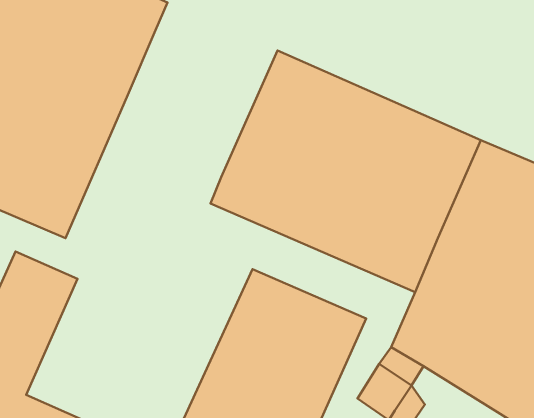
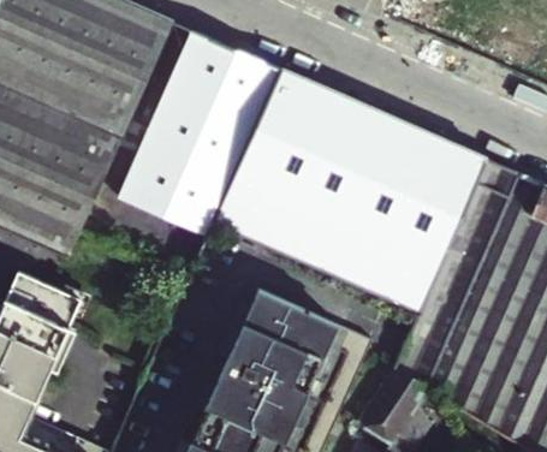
building: none -> [121,30,283,237]

